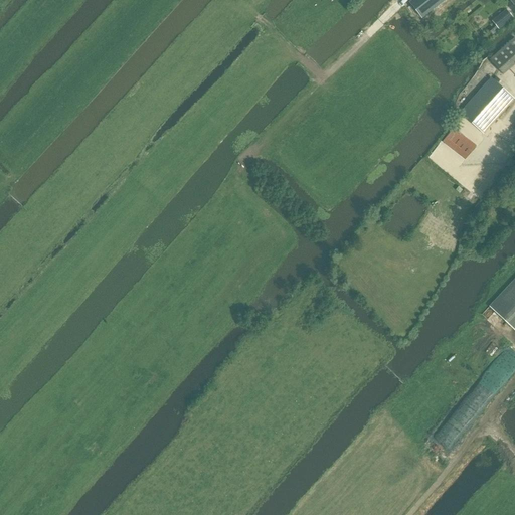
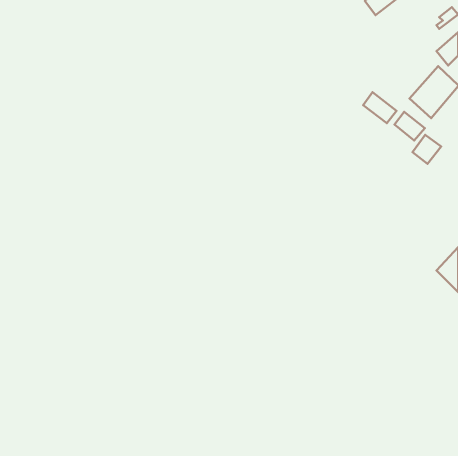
building: none -> [363,92,396,123]
building: none -> [413,135,441,164]

